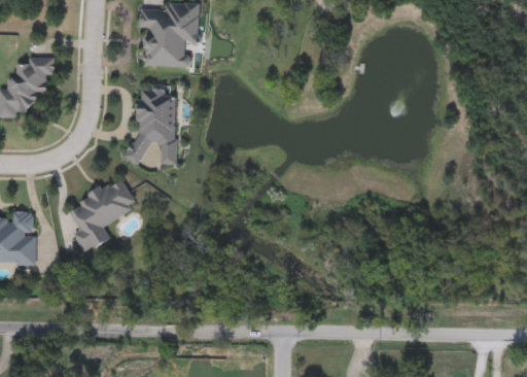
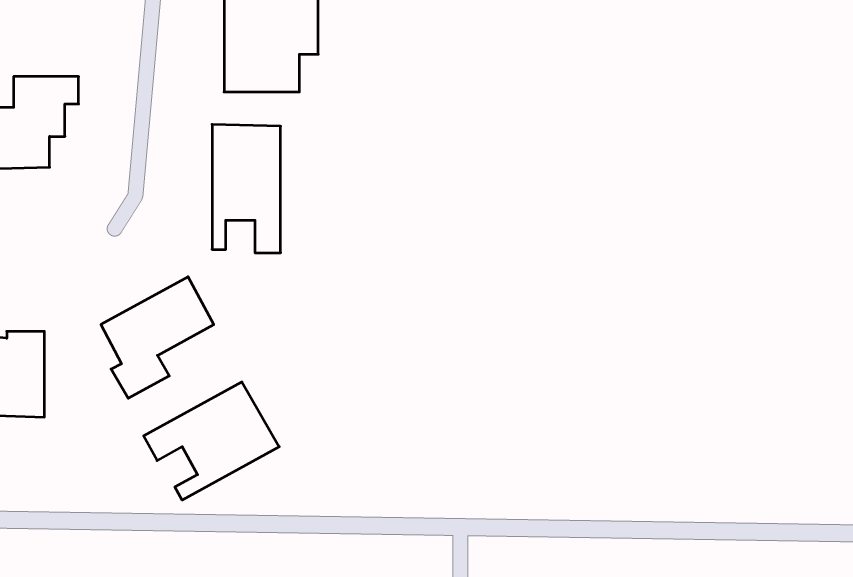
building: none -> [144,382,279,500]

